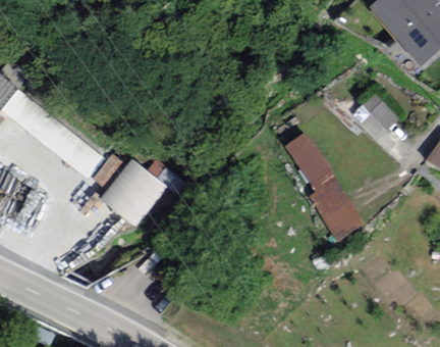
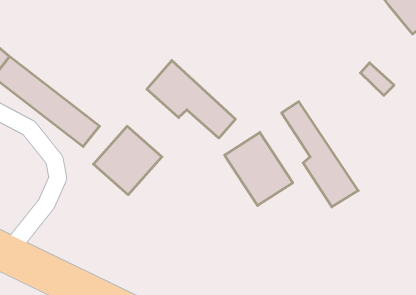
building: none -> [147,60,235,138]
building: none -> [225,132,293,206]

